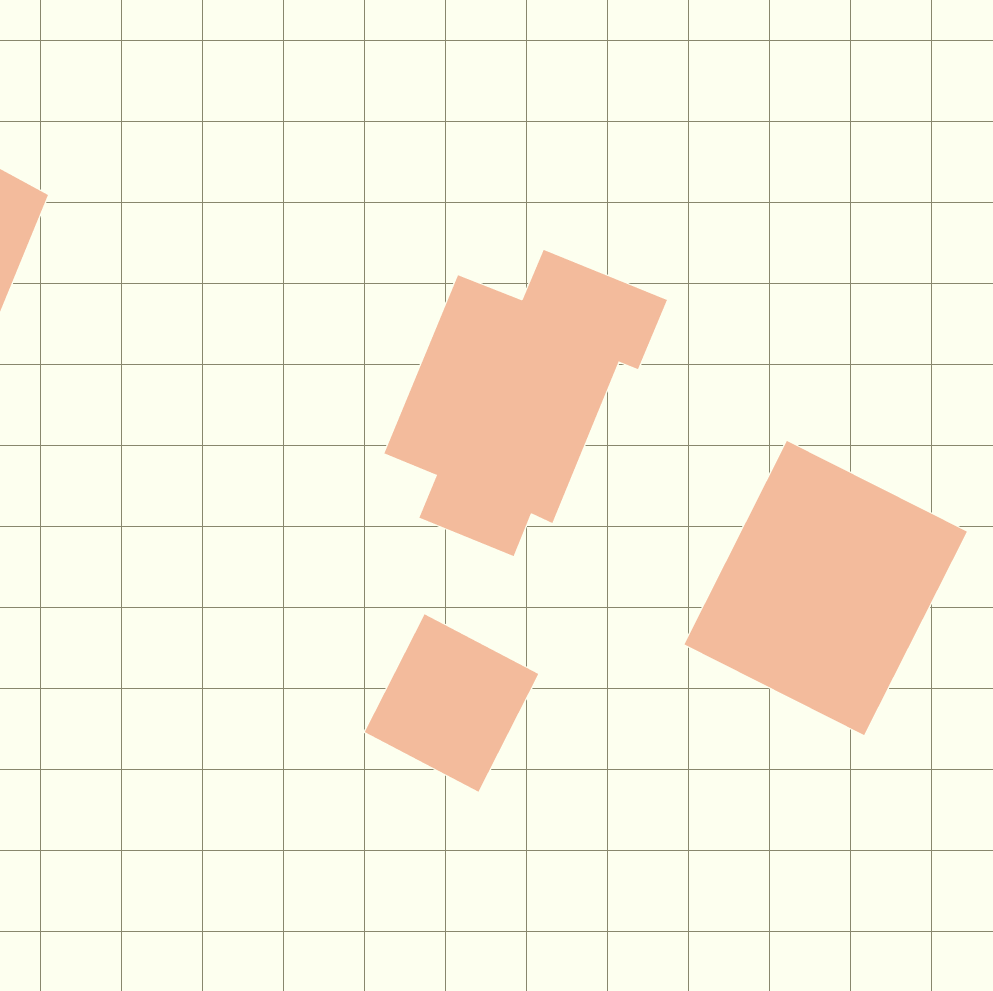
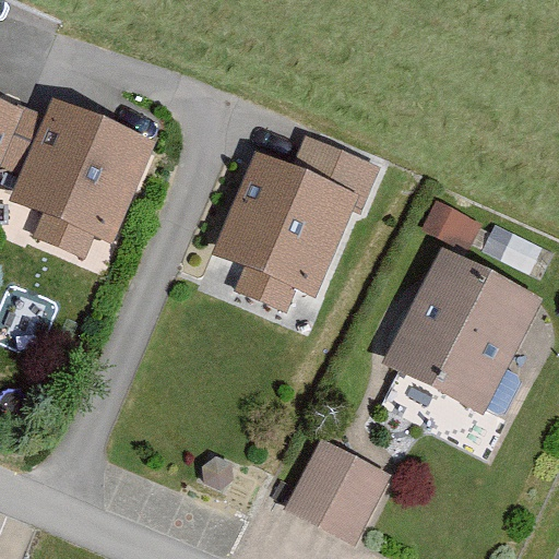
building: none -> [12,98,156,252]
building: [364,614,539,793] -> [287,439,385,539]

